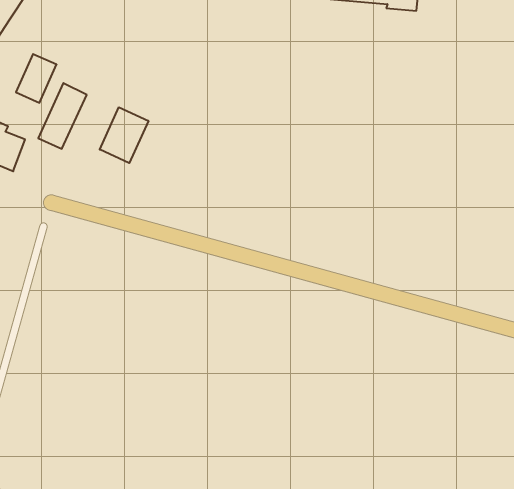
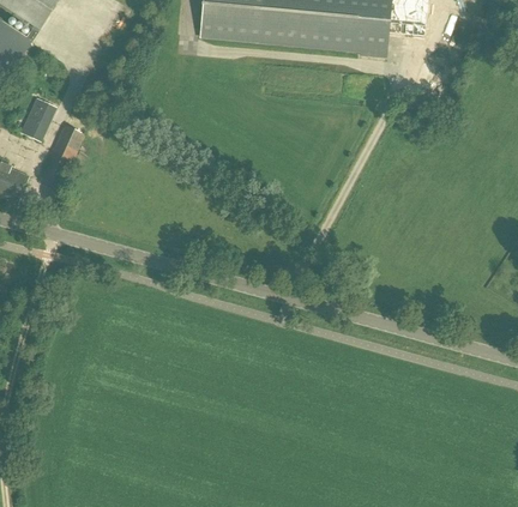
building: [100,107,148,163] -> none

